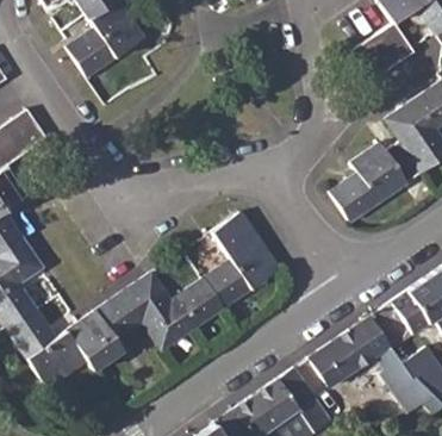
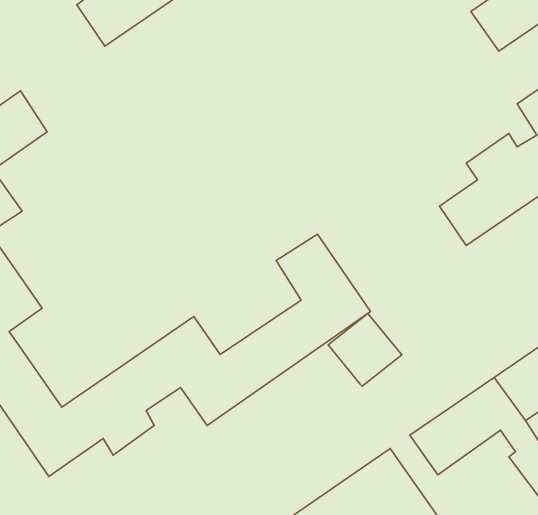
building: none -> [328,313,402,386]

